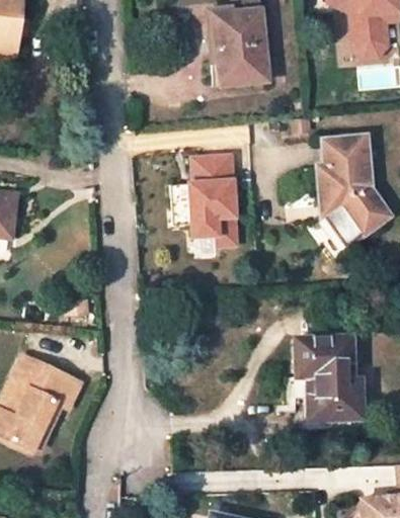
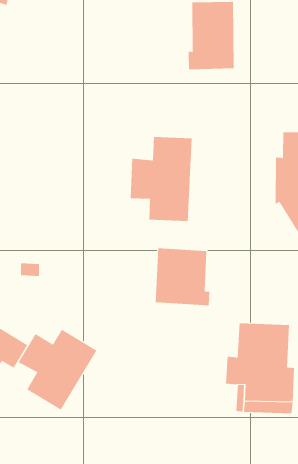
building: none -> [155,248,210,306]
building: none -> [18,329,97,411]

